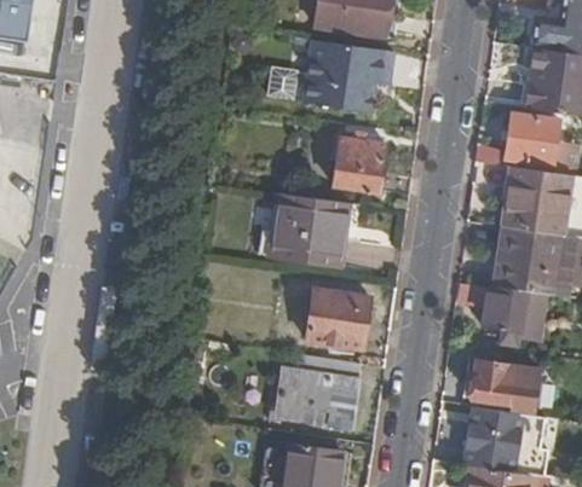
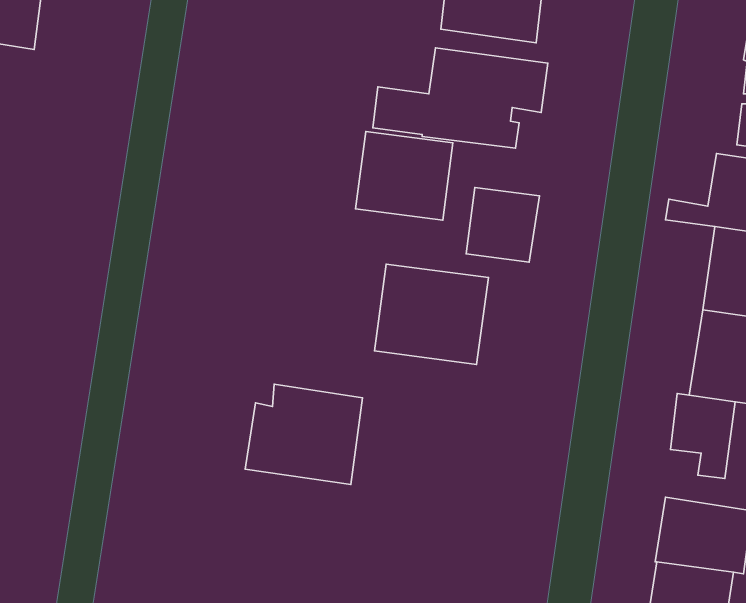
building: none -> [356,131,453,220]
building: [309,290,370,348] -> none
building: [278,356,362,428] -> [245,384,363,485]

